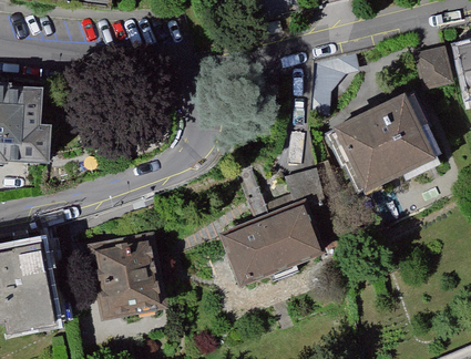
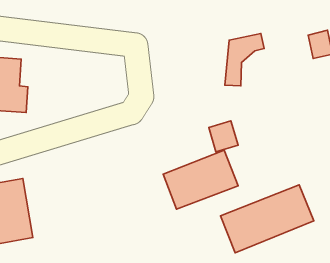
building: [341,94,434,183] -> none
building: [93,239,158,312] -> none
building: none -> [220,185,314,253]

